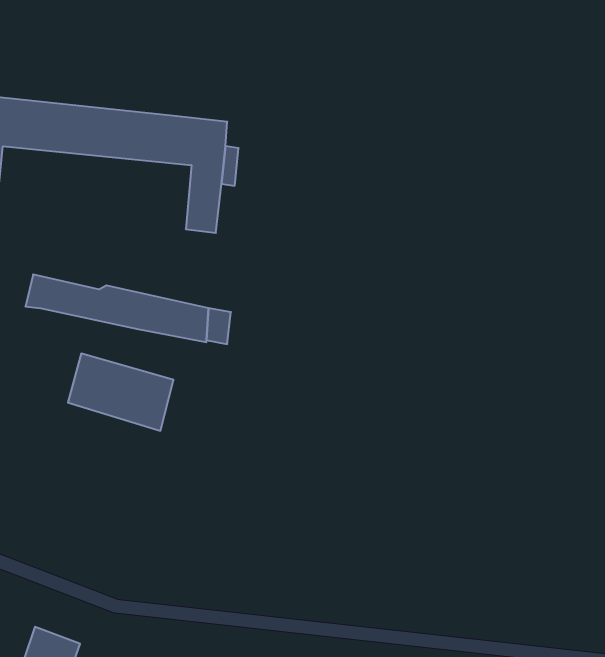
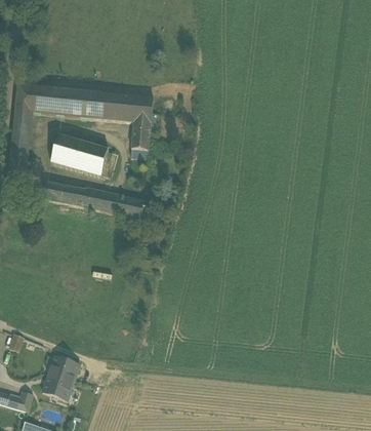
building: [68,354,174,431] -> [50,134,108,177]
building: none -> [48,355,79,382]

